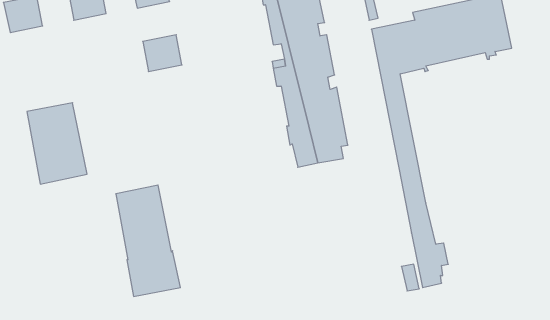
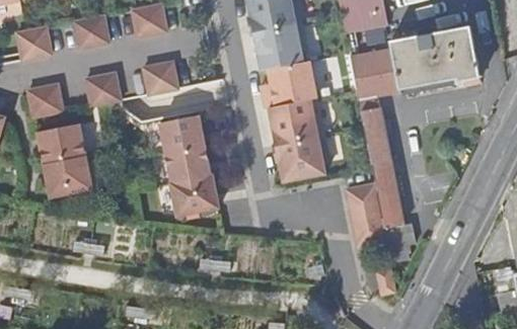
building: none -> [85,71,121,104]
building: none -> [27,82,63,115]
building: none -> [347,182,387,246]
building: [116,185,180,296] -> [160,112,219,214]

